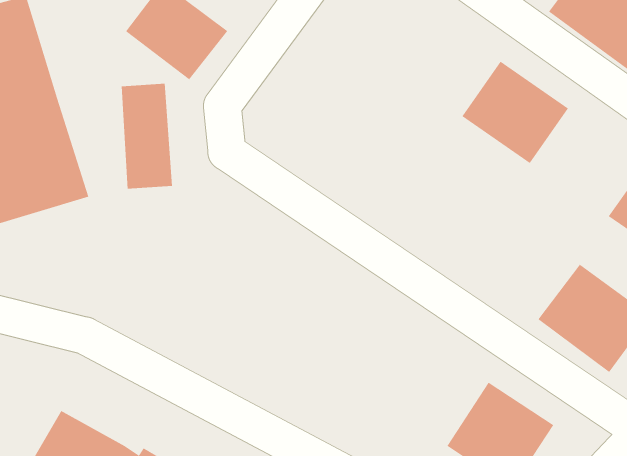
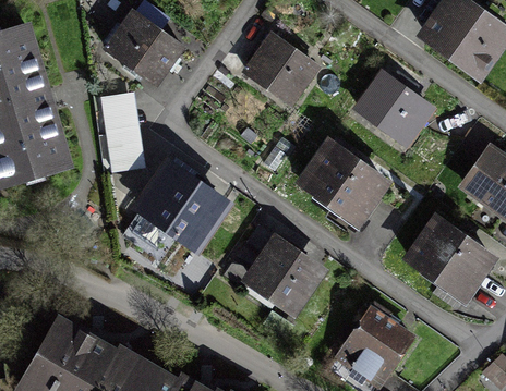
building: none -> [248,37,315,102]
building: none -> [300,143,386,224]
building: none -> [121,167,222,259]
building: none -> [241,235,322,310]

